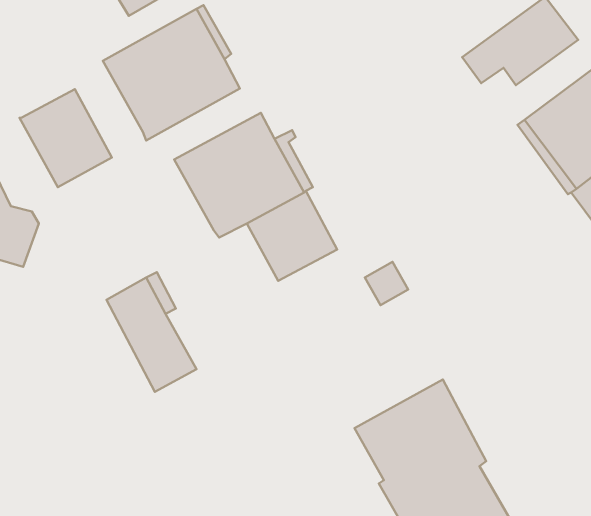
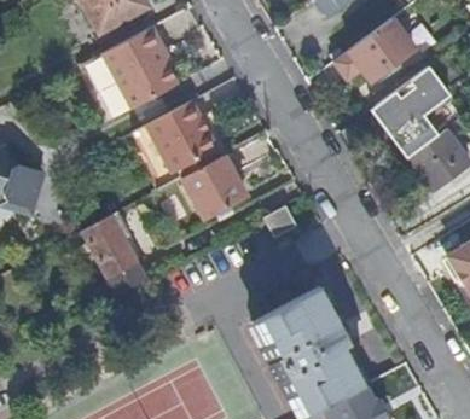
building: [19,89,112,187] -> none

